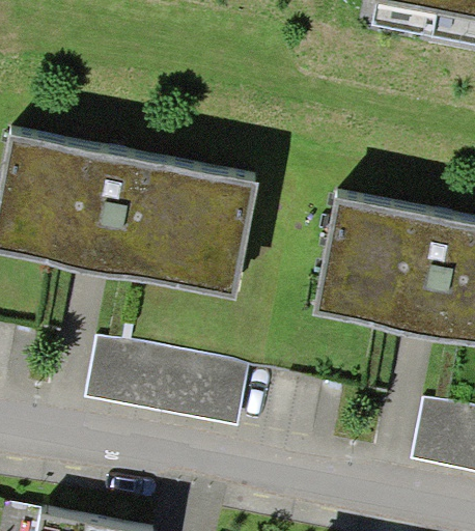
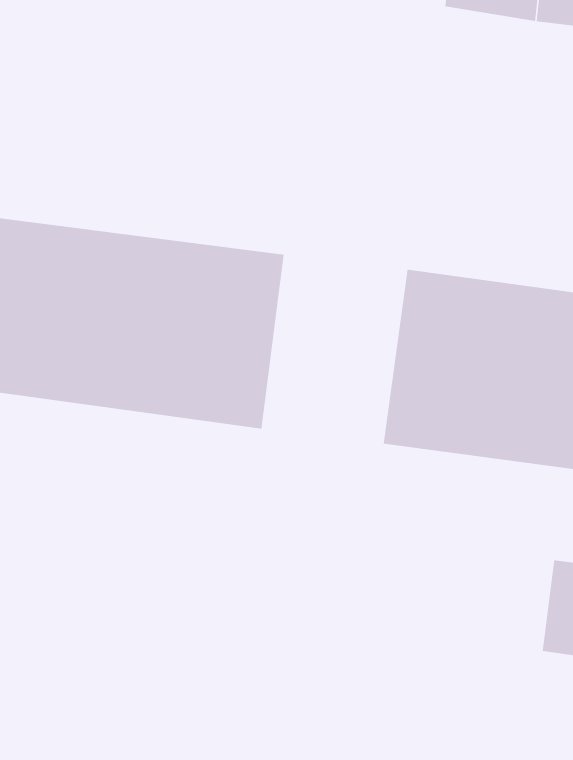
building: [86,332,249,421] -> none

